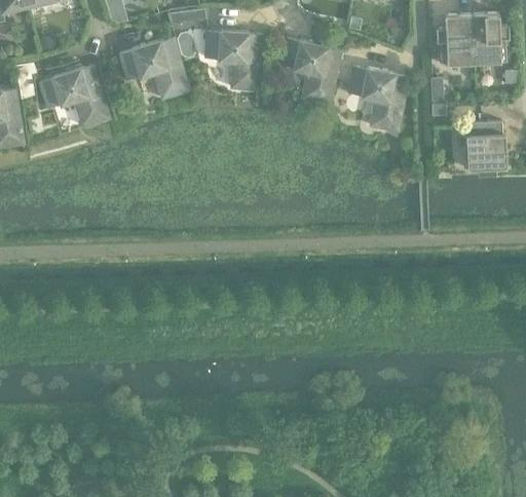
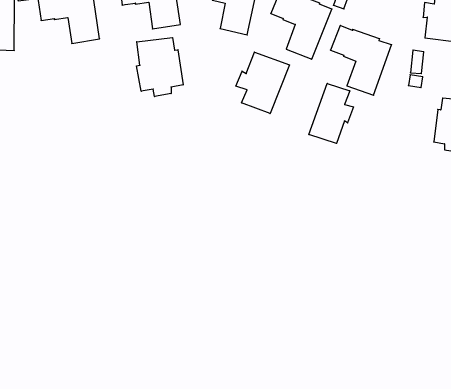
building: none -> [137,38,183,97]
building: none -> [236,52,289,114]
building: none -> [309,83,353,143]

